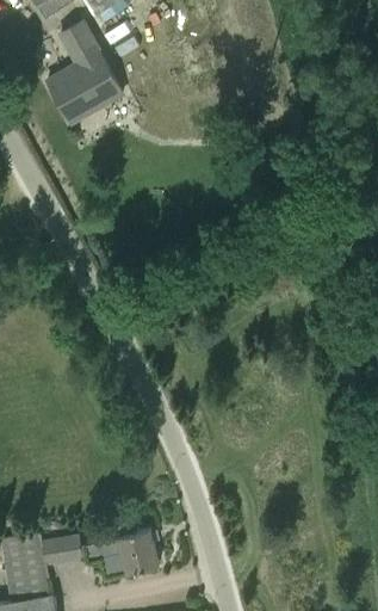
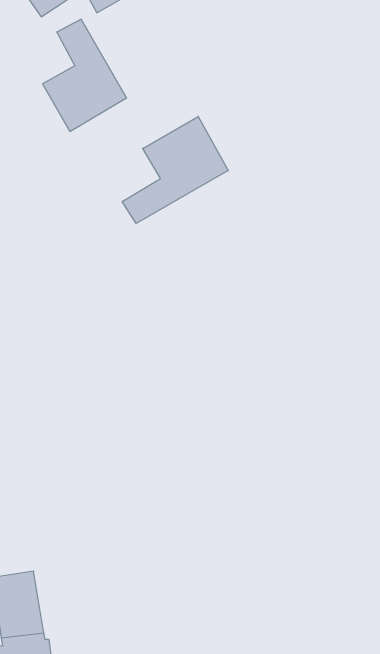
building: none -> [122,116,228,223]
building: [42,521,160,574] -> none

